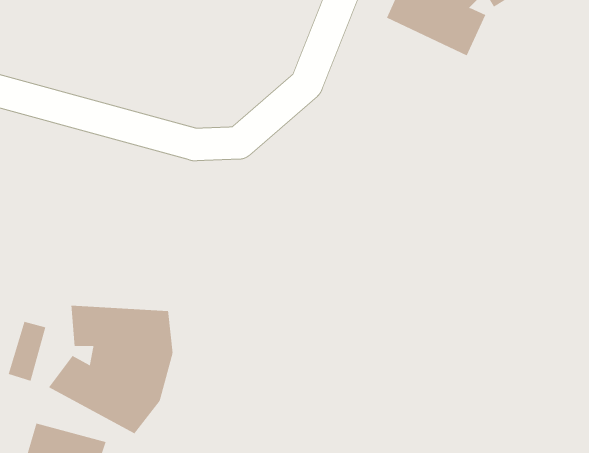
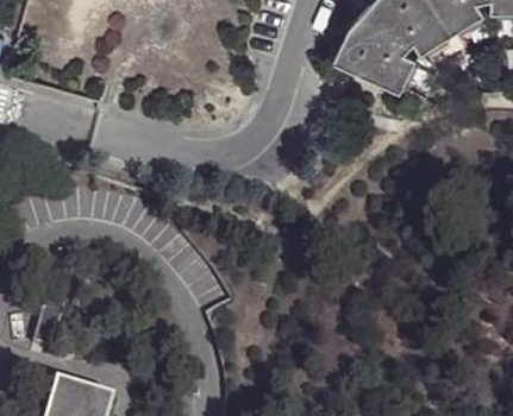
building: [48,305,173,434] -> none

